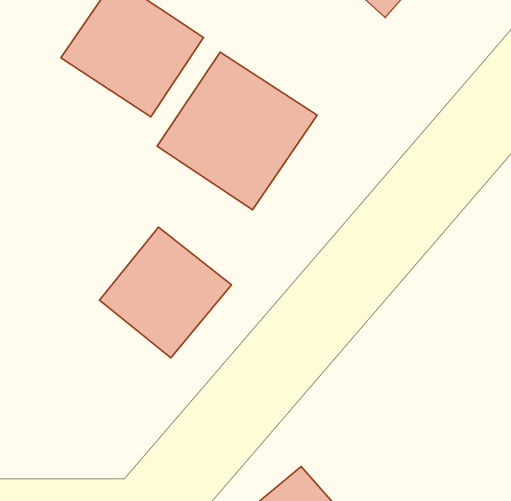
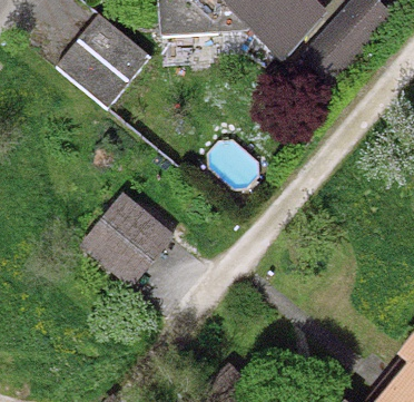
building: [157,52,317,210] -> none

